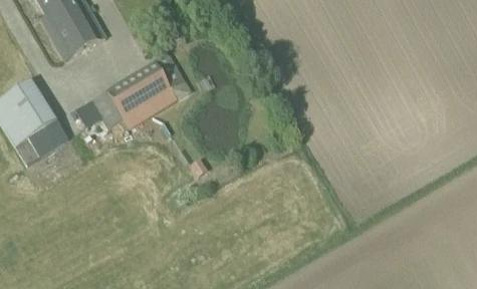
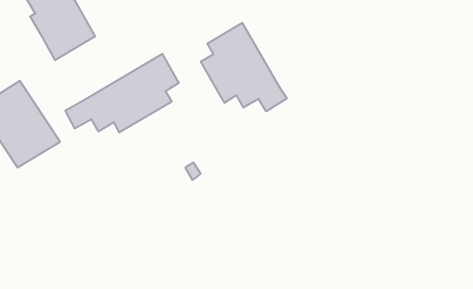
building: none -> [201,23,287,111]

